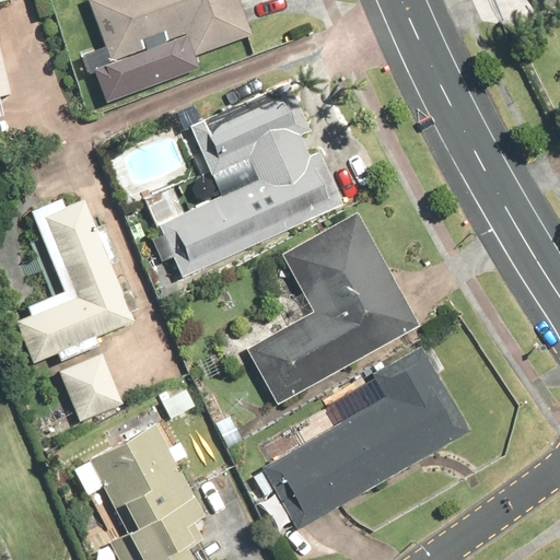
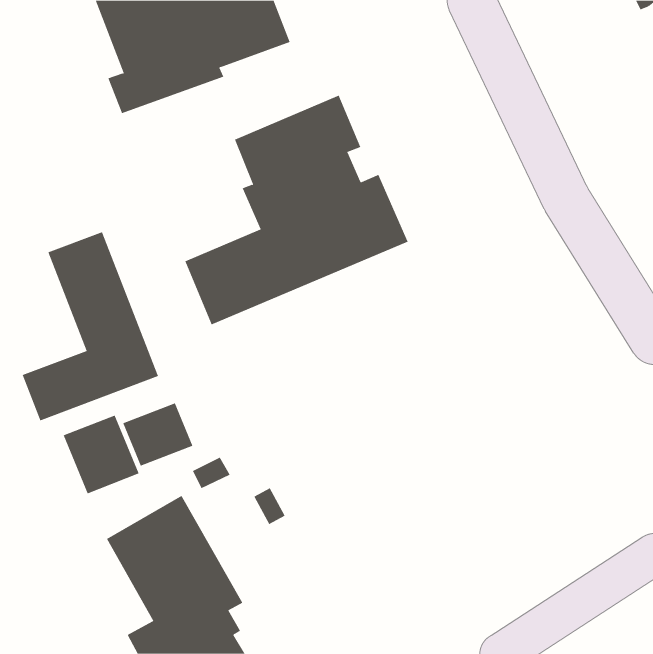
building: [243,213,417,405] -> none
building: none -> [123,402,193,467]
building: [258,347,467,530] -> none

